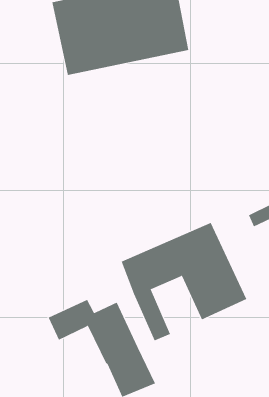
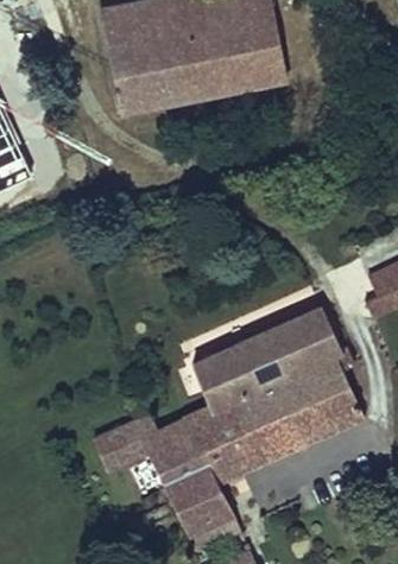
building: none -> [235,384,303,462]
building: none -> [189,407,239,480]

